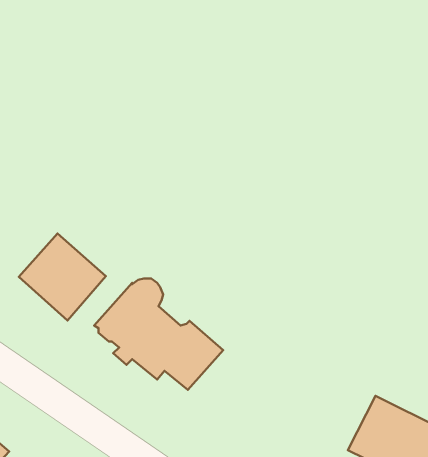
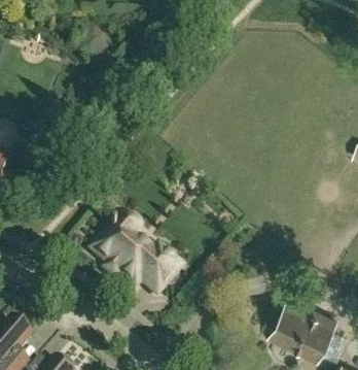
building: [19,234,106,321] -> none

